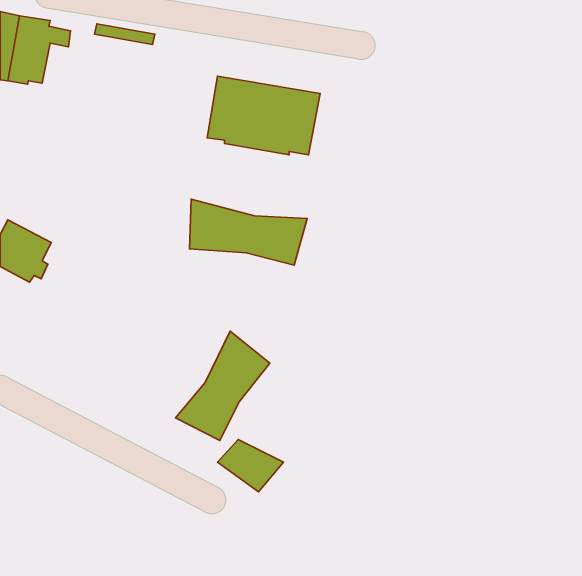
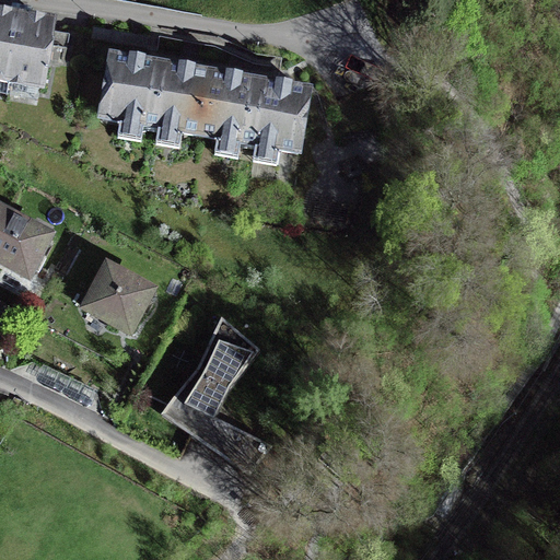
building: none -> [101,56,209,132]
building: [190,199,307,265] -> none
building: none -> [86,266,151,328]

